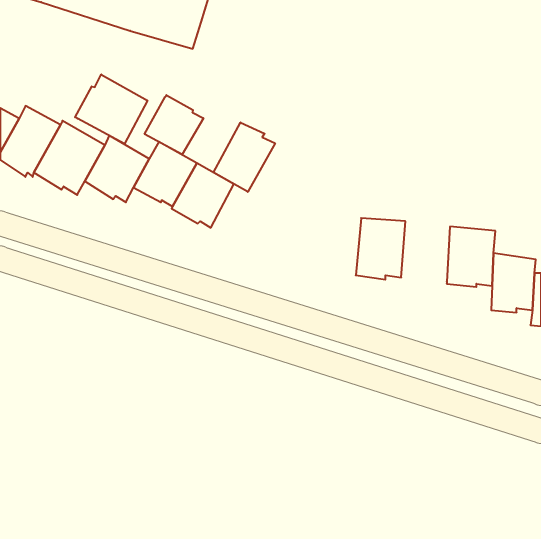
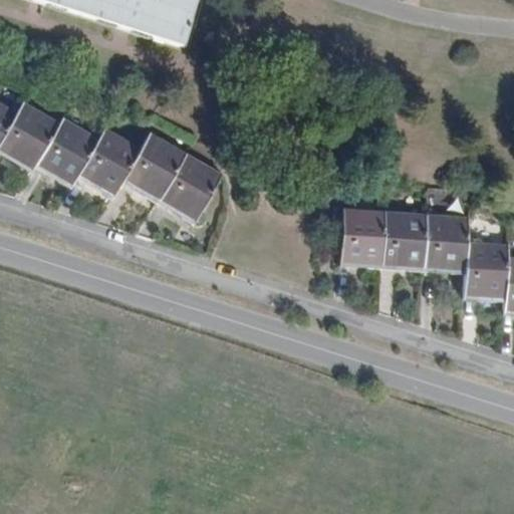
building: [75,74,147,144] -> none
building: [145,95,203,155] -> none
building: [213,122,275,192] -> none
building: none -> [380,210,427,269]

